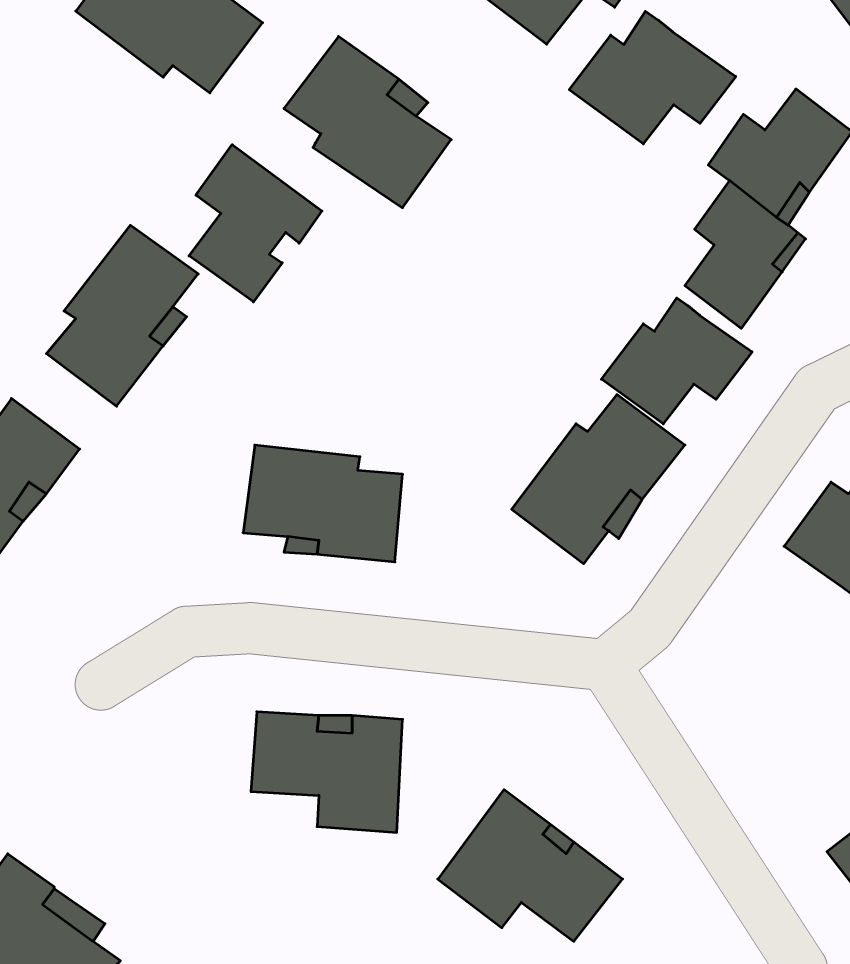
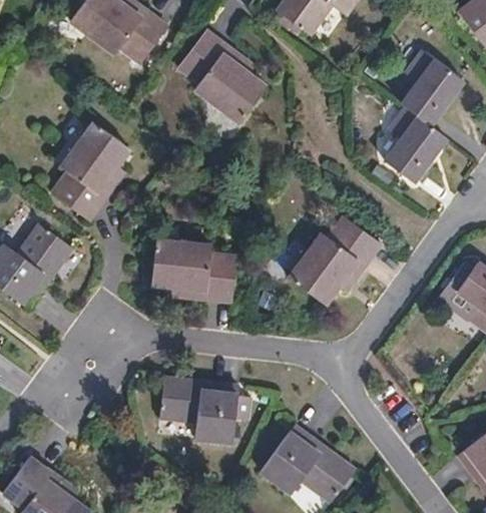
building: [569,11,736,144] -> none
building: [189,145,322,302] -> none
building: [601,298,752,424] -> none

